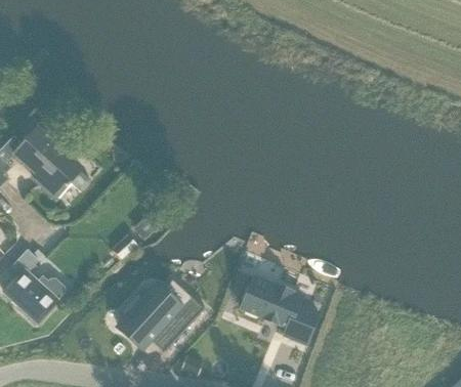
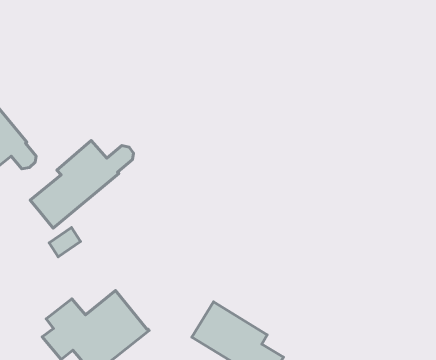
building: none -> [30,141,134,228]

